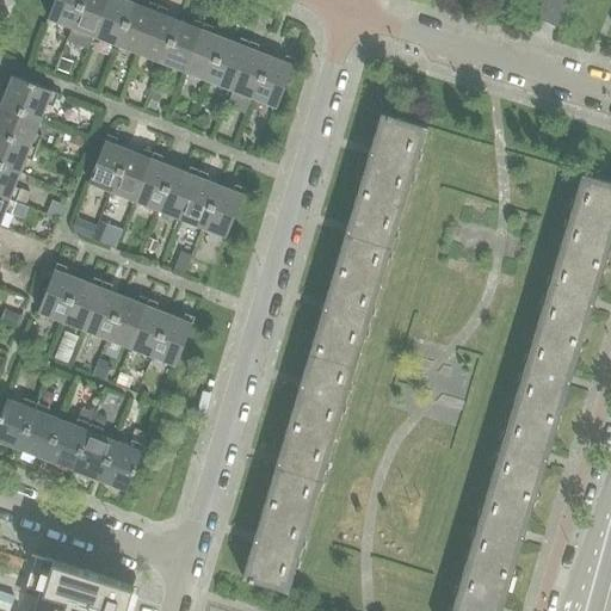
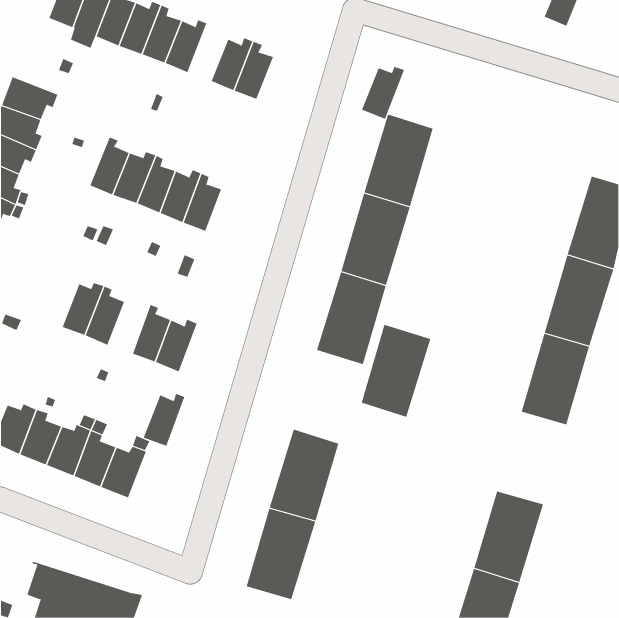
building: [185,23,224,80] -> none
building: [253,55,296,107] -> [361,66,405,120]
building: [203,185,245,237] -> none
building: [37,264,78,322] -> none
building: [106,296,148,348] -> [143,393,185,446]
building: [289,345,358,437] -> [361,324,431,418]
building: [489,406,558,496] -> none

